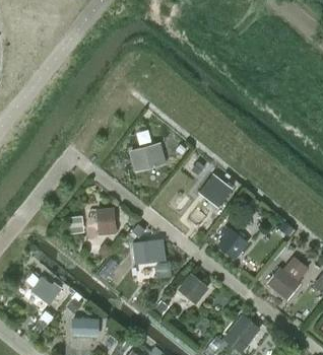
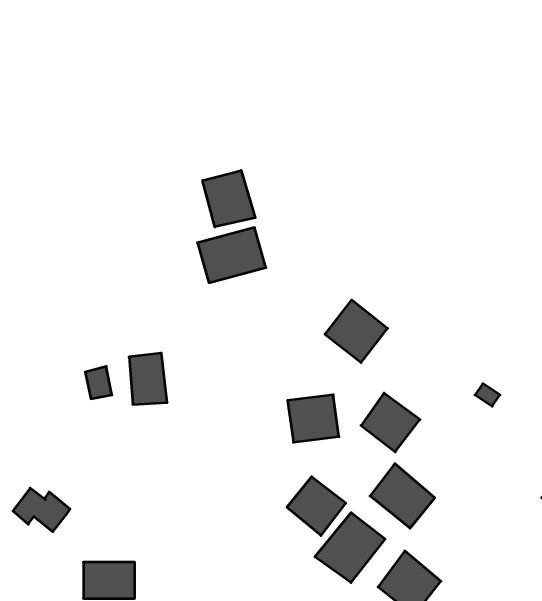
building: none -> [203,170,255,227]
building: [129,239,156,265] -> [288,395,339,442]
building: [265,267,300,301] -> [370,464,435,528]
building: none -> [315,513,385,583]

